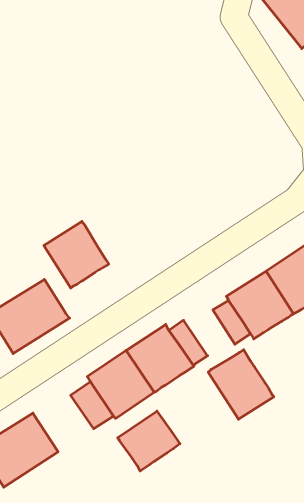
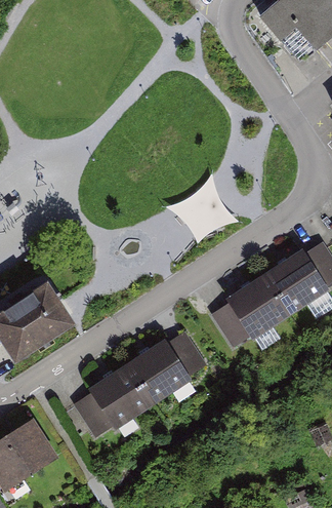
building: [44,221,109,288] -> none
building: [208,350,274,419] -> none
building: [118,411,180,471] -> none

